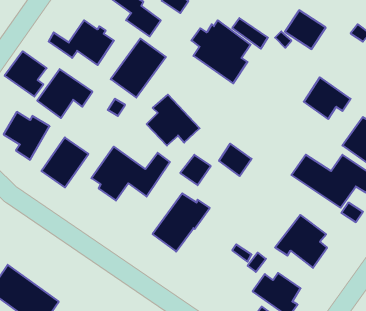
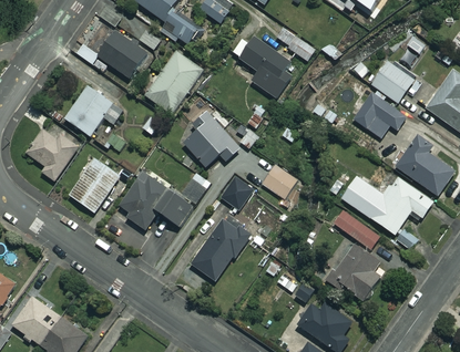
building: [285,10,326,49] -> [370,62,415,104]
building: [5,51,47,97] -> none
building: none -> [333,210,379,249]

